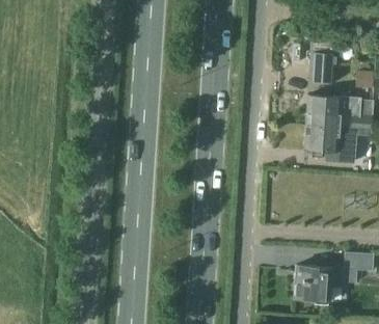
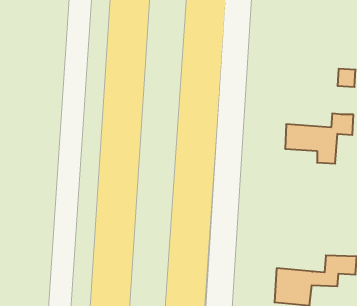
building: [310,52,337,83] -> none
building: [307,96,362,128] -> none

